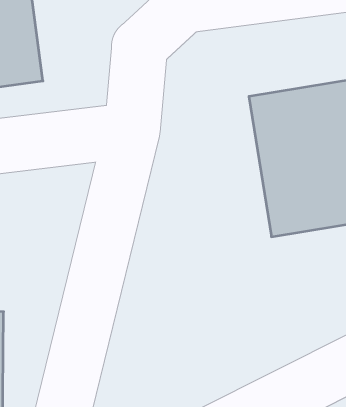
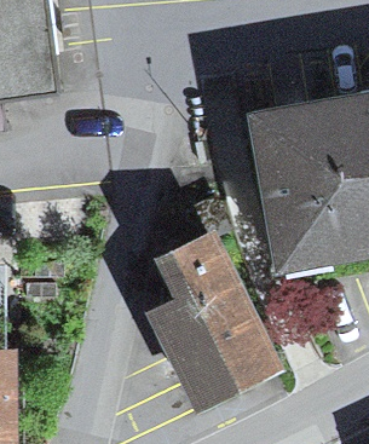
building: none -> [154,232,275,396]

